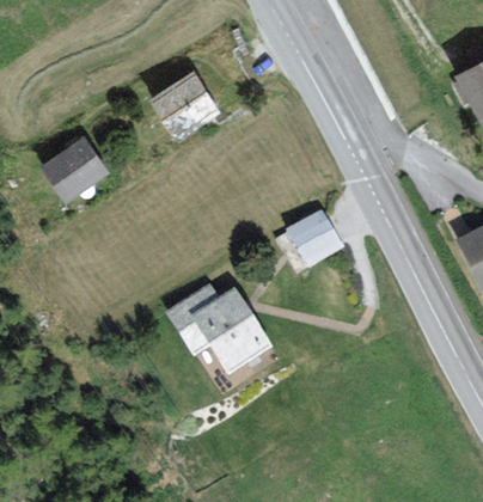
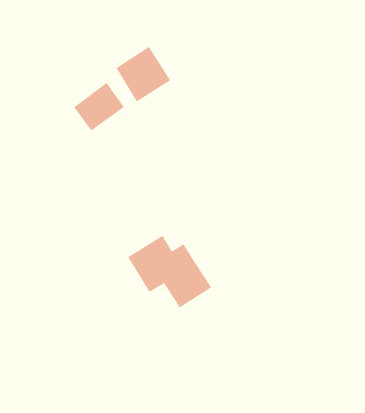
building: [45,139,104,195] -> [73,82,125,131]
building: [282,209,342,264] -> none

